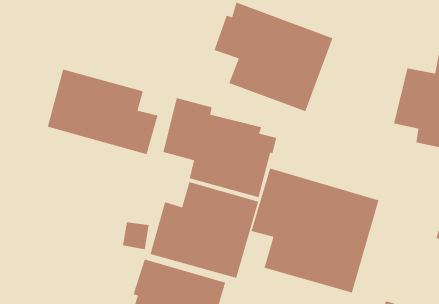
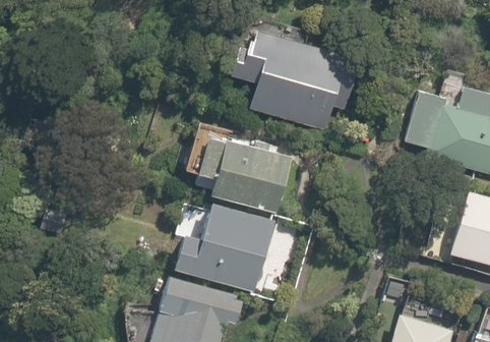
building: [47,69,158,155] -> none
building: [251,168,379,294] -> none

